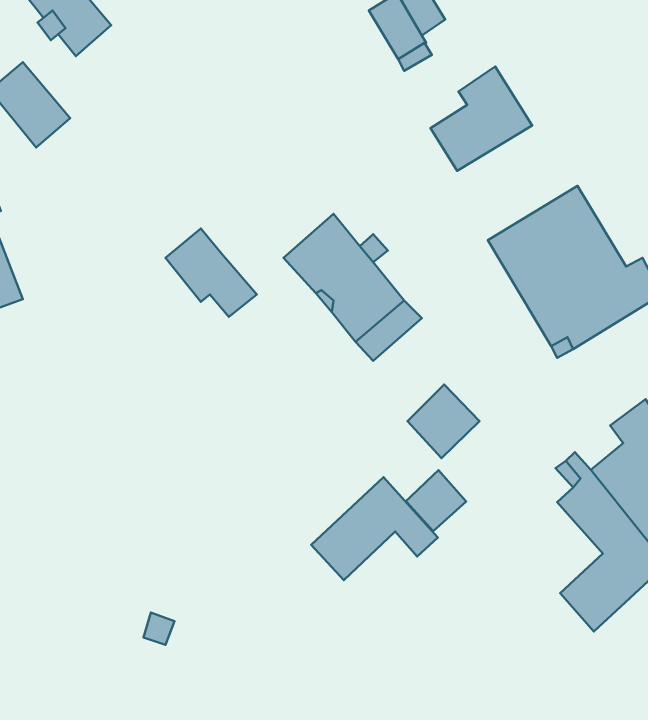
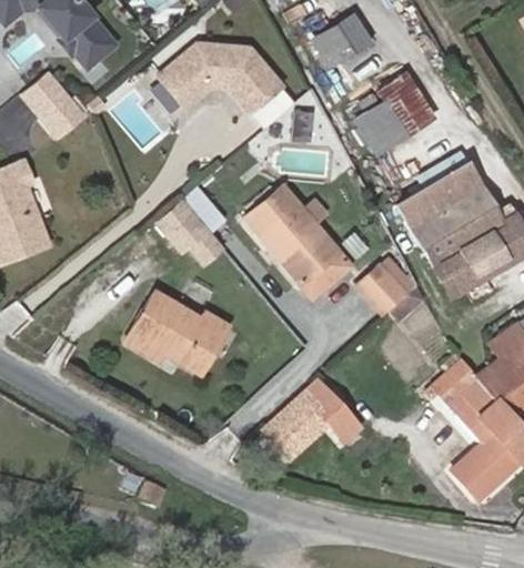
building: none -> [162,41,284,109]
building: none -> [125,295,224,373]
building: [408,384,480,458] -> [359,258,413,314]
building: [405,470,466,531] -> none

